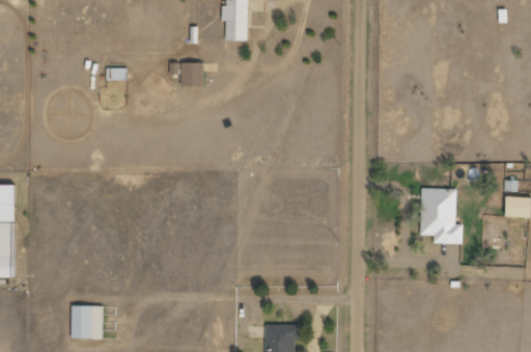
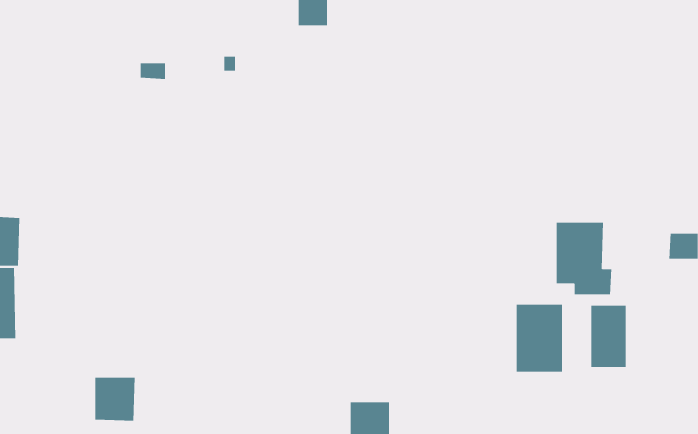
building: [180,61,203,85] -> none
building: none -> [516,304,562,372]
building: none -> [591,305,626,368]

